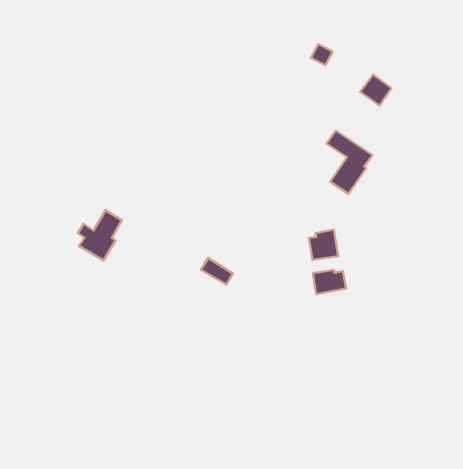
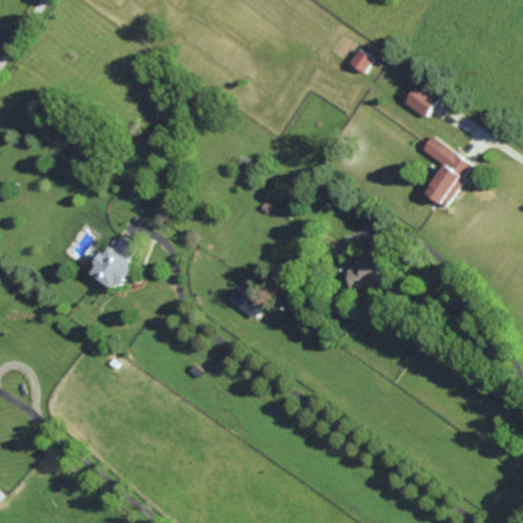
building: [327,131,372,194] -> [419,136,470,206]
building: [313,270,346,294] -> none

